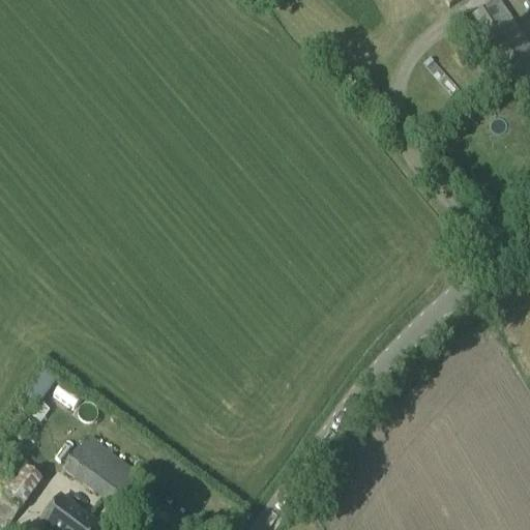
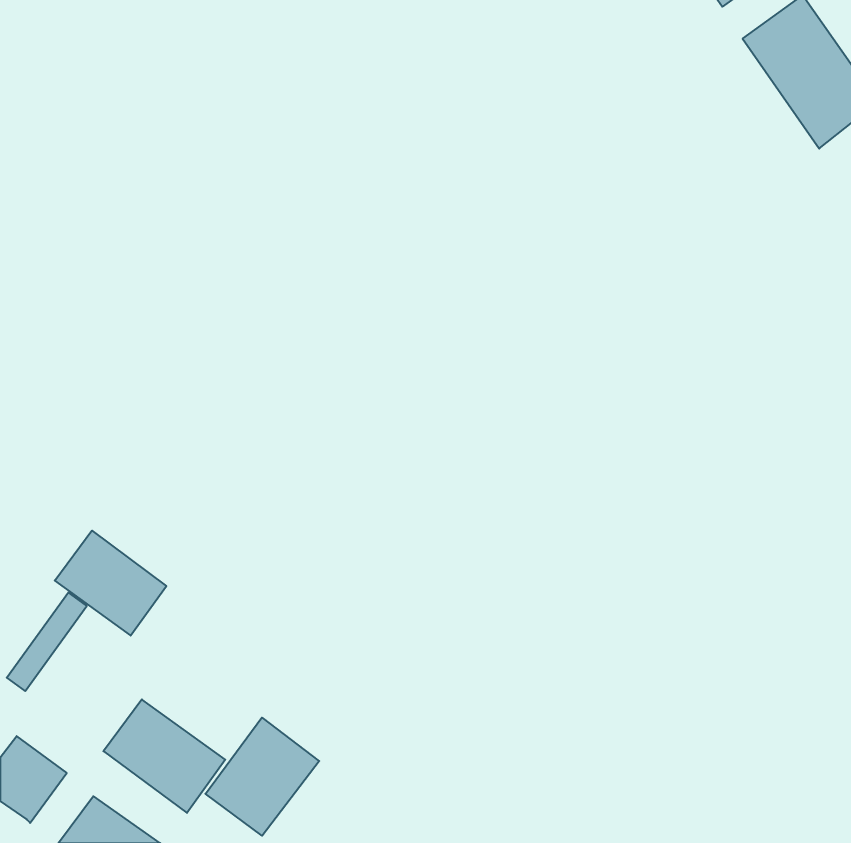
building: none -> [55,531,166,636]
building: none -> [205,718,319,836]

